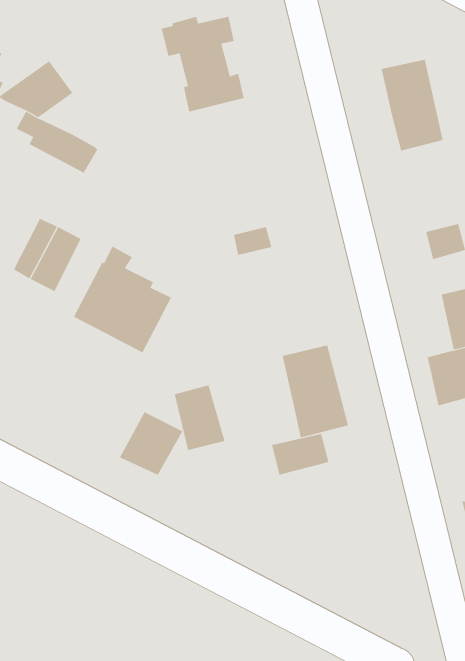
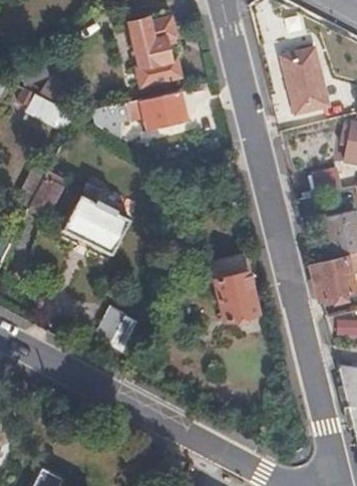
building: none -> [94,90,184,127]
building: [174,384,225,451] -> none
building: [272,433,329,475] -> none

